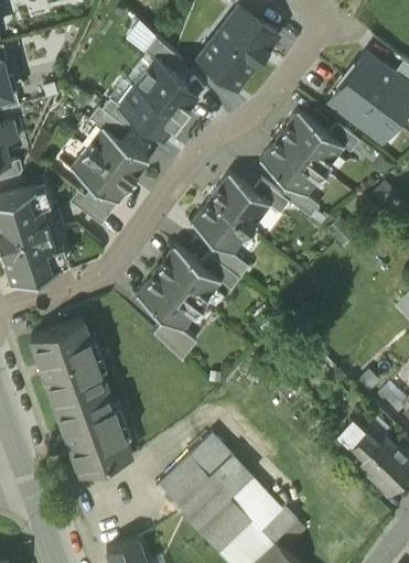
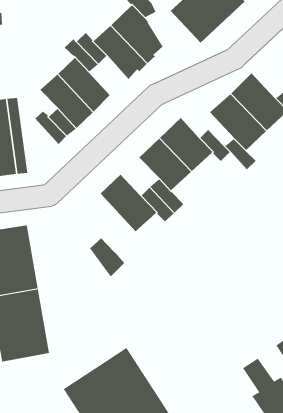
building: [134,271,201,332] -> none

